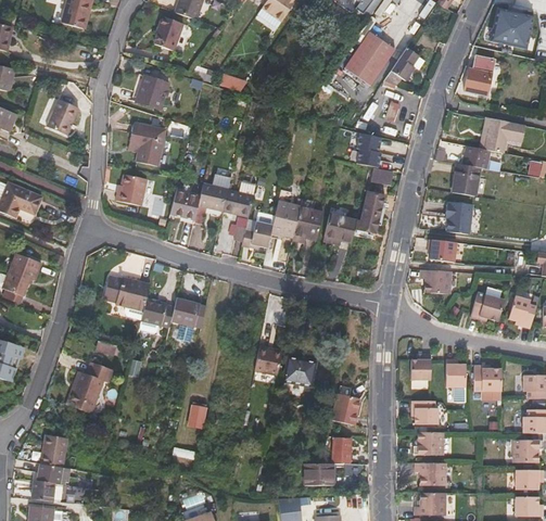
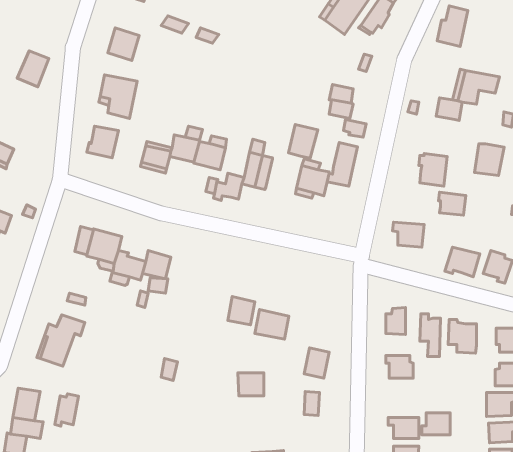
building: [452,164,481,195] -> [475,144,504,176]
building: [293,206,322,240] -> [288,124,318,158]
building: [428,239,455,262] -> [438,192,466,215]
building: [414,432,442,454] -> [422,413,450,435]
building: none -> [55,394,79,426]
building: [303,462,329,485] -> [238,373,264,396]

